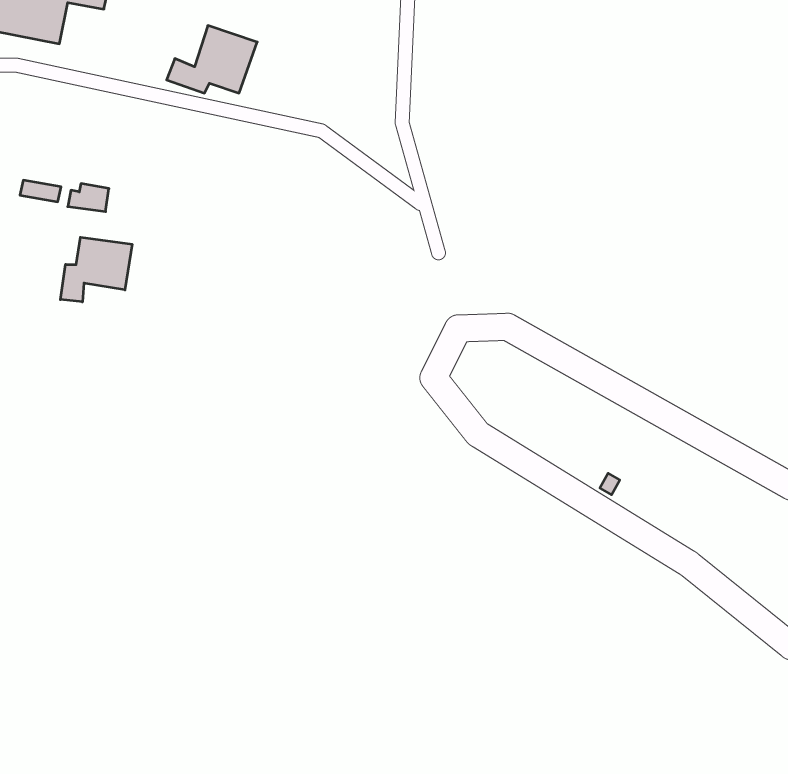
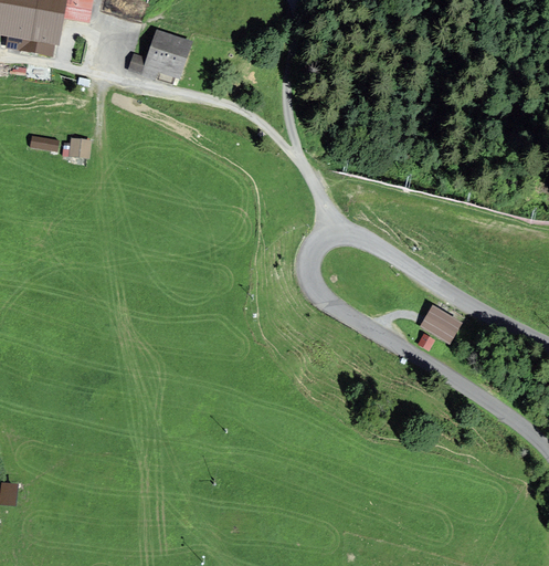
building: [60,237,132,302] -> none
building: none -> [422,305,461,339]

